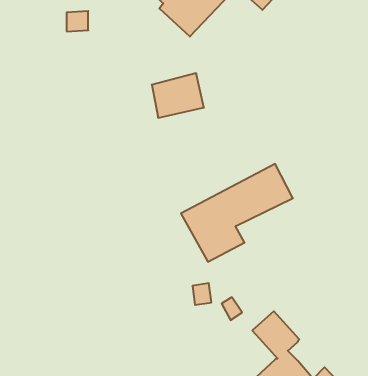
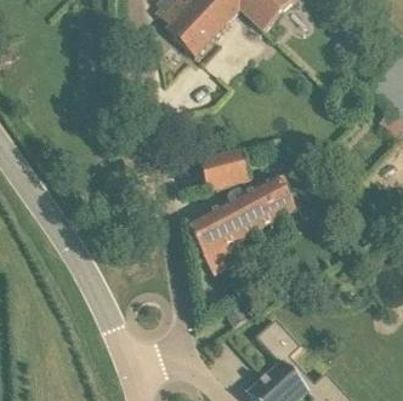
building: [152,73,204,118] -> [202,145,251,188]

